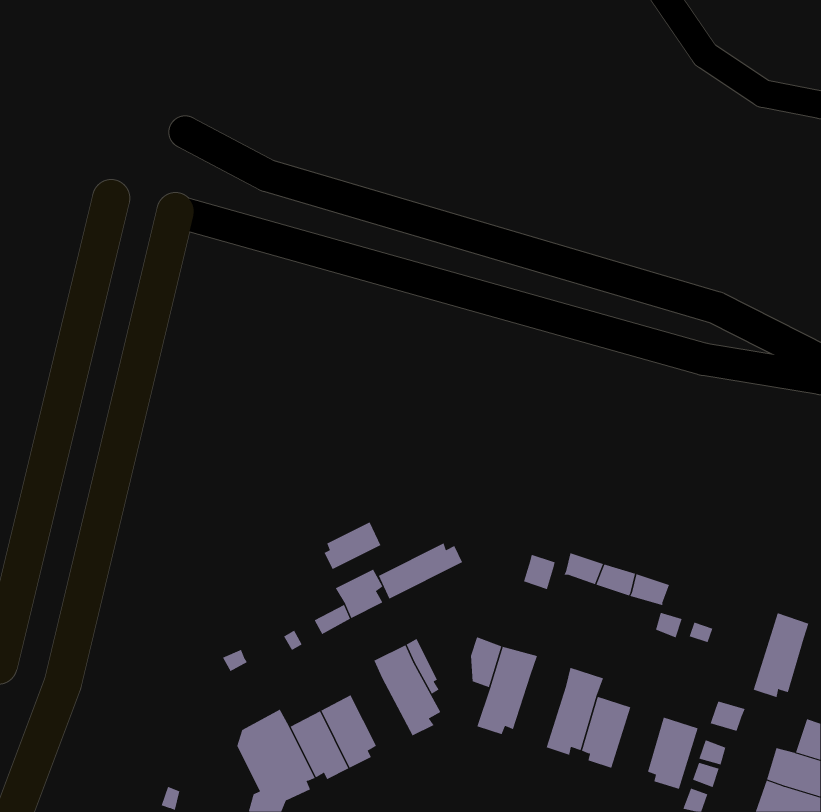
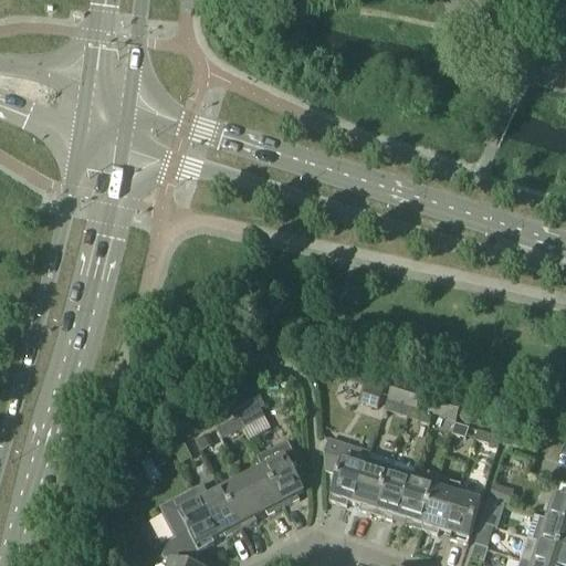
building: [324,522,381,570] -> none
building: [378,543,463,599] -> none
building: [753,612,809,698] -> [420,474,459,533]
building: none -> [353,450,391,513]
building: none -> [241,465,283,513]

